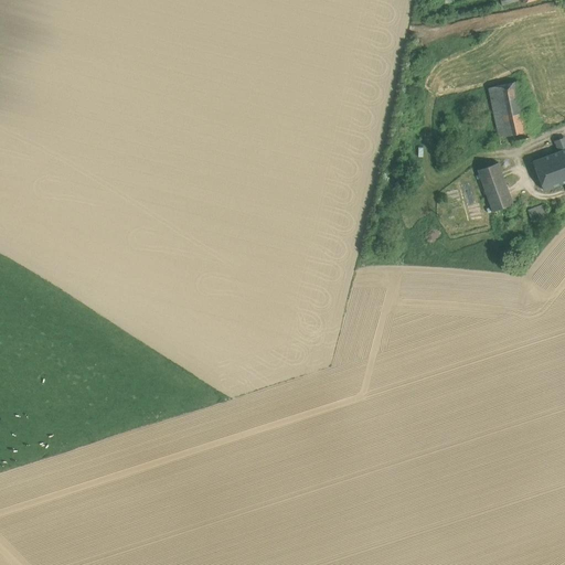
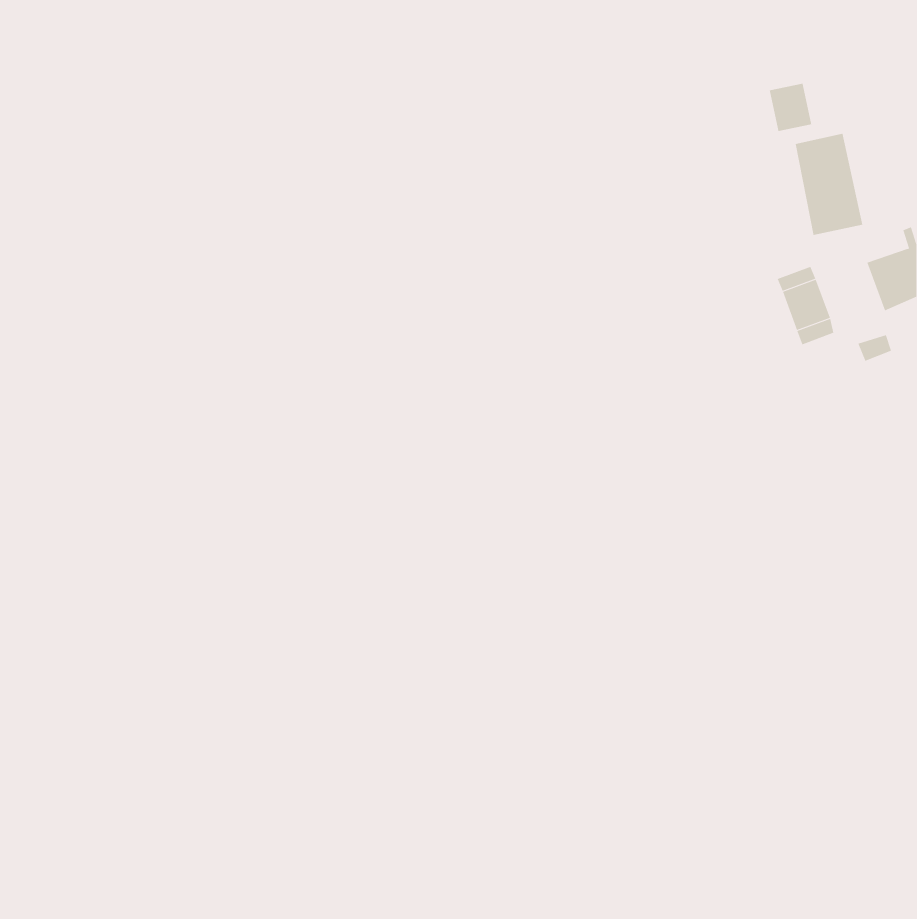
building: none -> [769,83,812,132]

